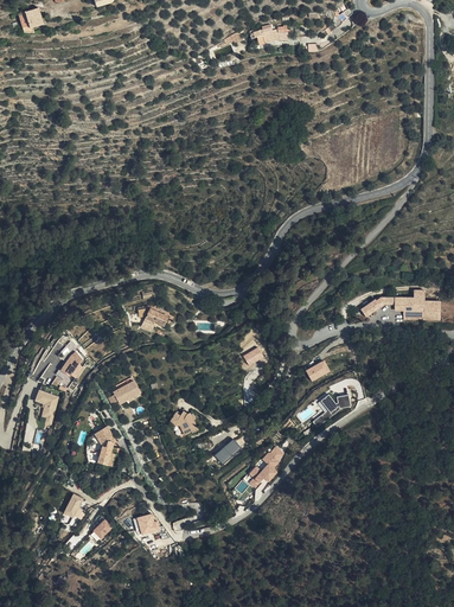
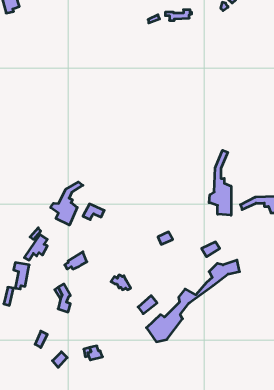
building: none -> [209,150,231,215]
building: none -> [51,182,83,225]

